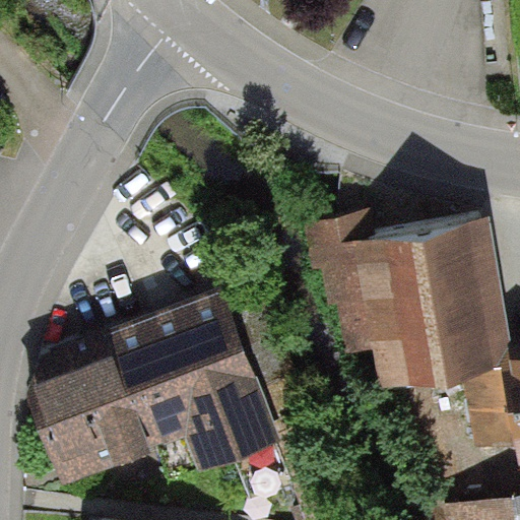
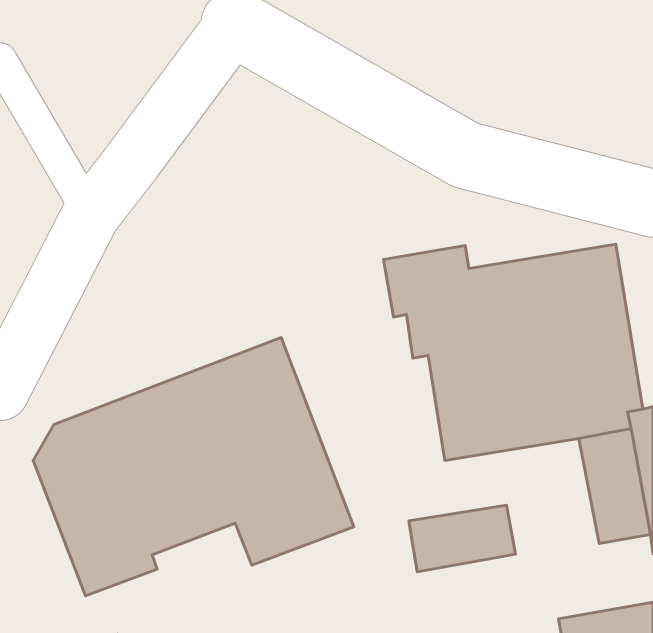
building: none -> [409,505,516,572]

